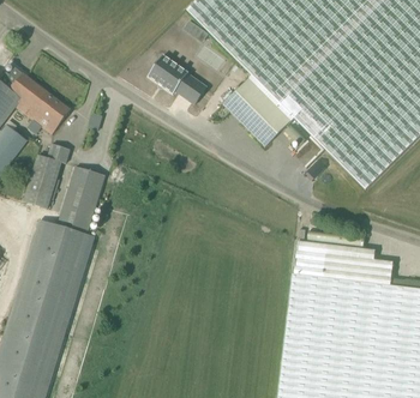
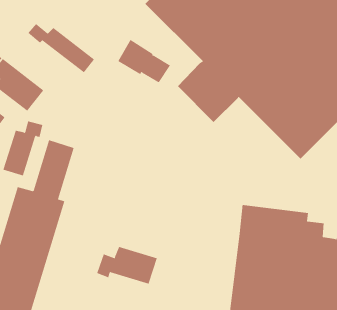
building: none -> [27,23,95,73]
building: none -> [97,246,157,285]

